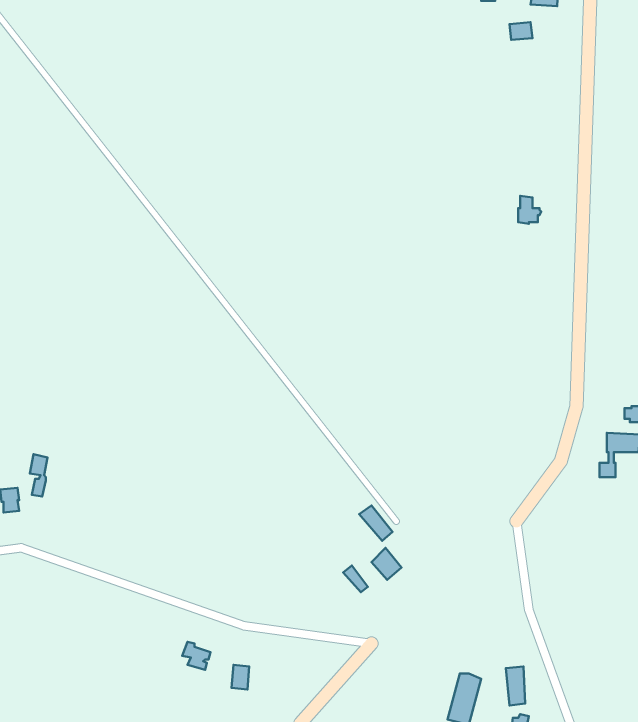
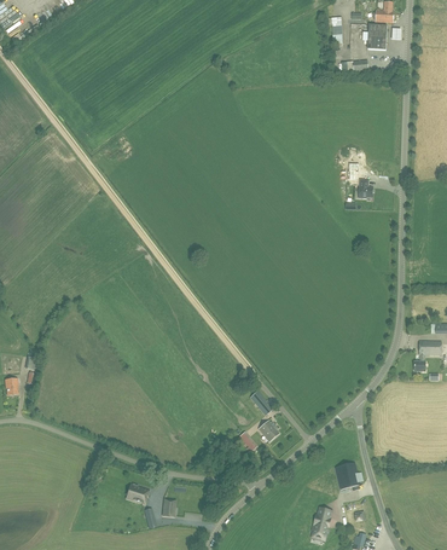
building: none -> [333,462,362,490]

